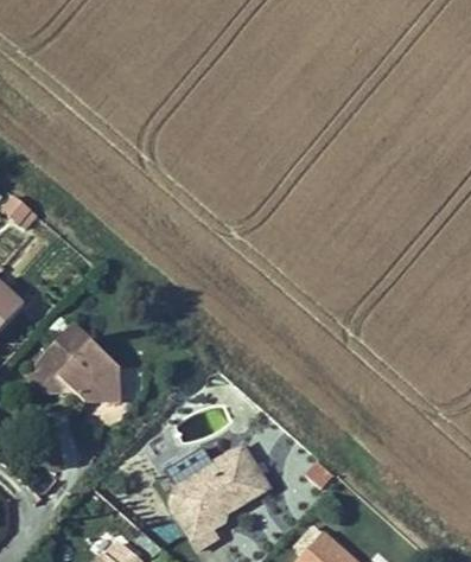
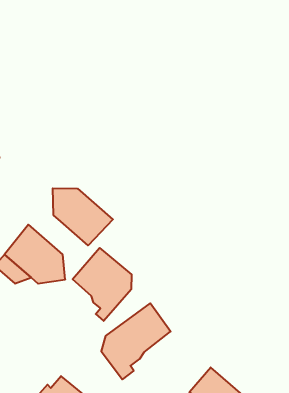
building: none -> [53,188,113,245]
building: none -> [73,248,132,321]

